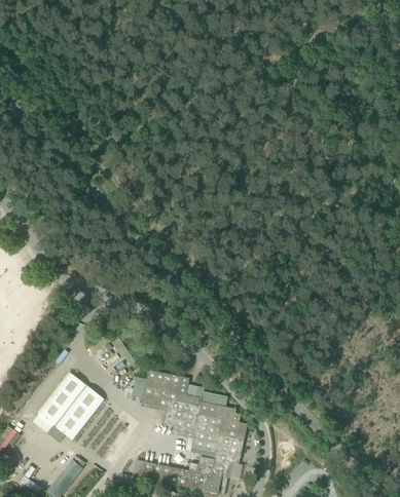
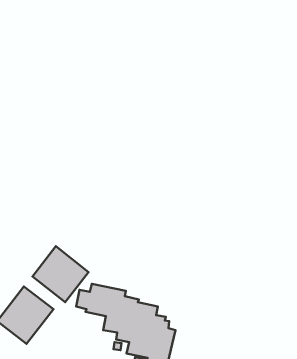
building: none -> [32,246,89,302]

